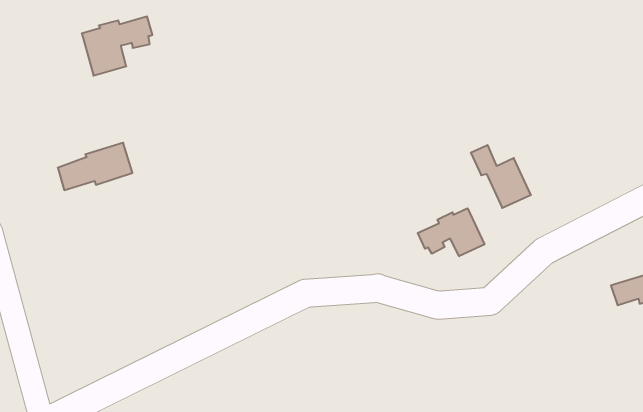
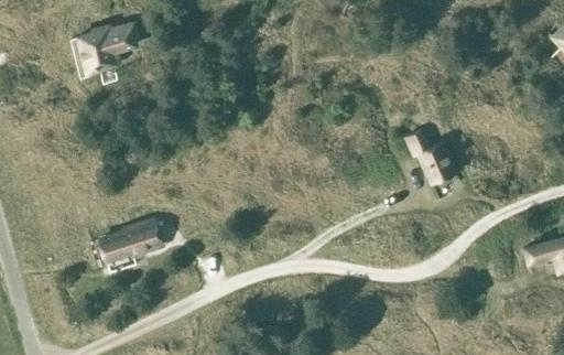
building: [58,143,132,190] -> [102,219,165,259]
building: [418,208,484,256] -> none

